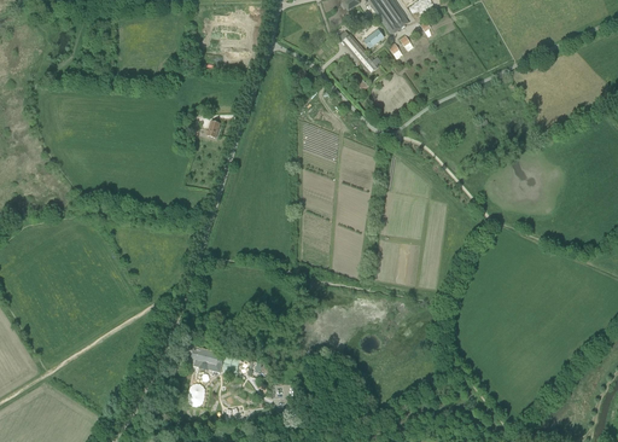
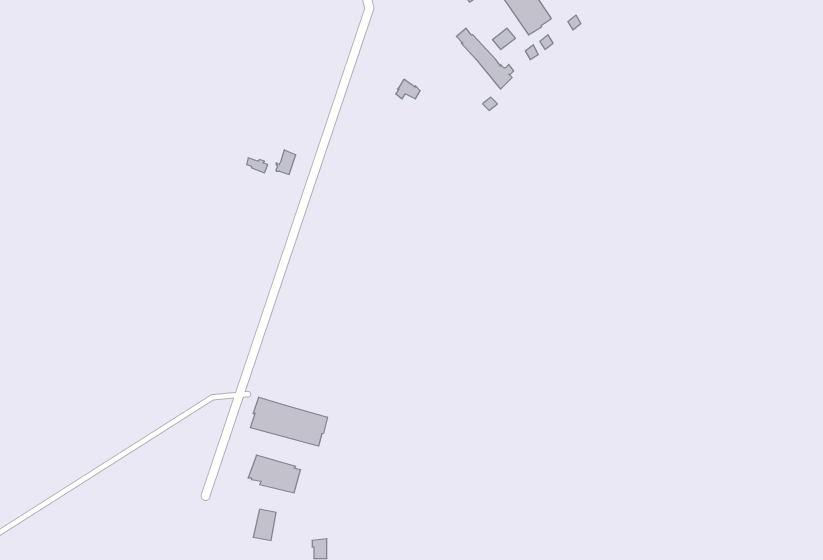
building: none -> [251,397,327,446]

